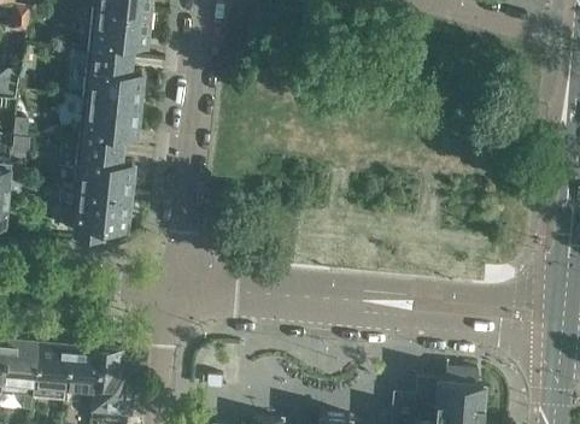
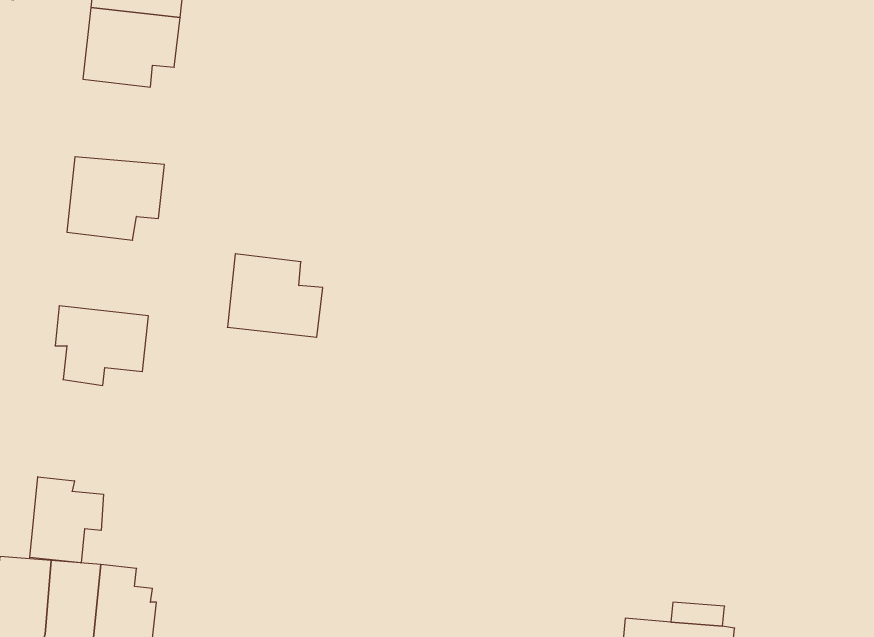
building: [84,54,141,106] -> none
building: [75,147,133,198] -> [227,254,323,337]
building: none -> [30,477,103,563]

